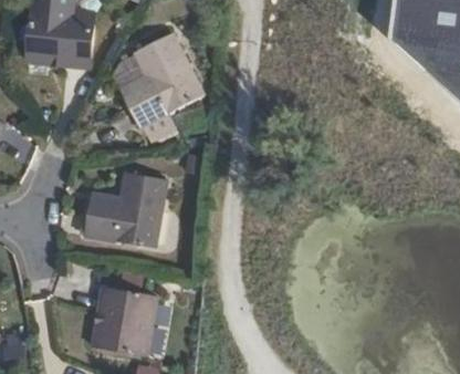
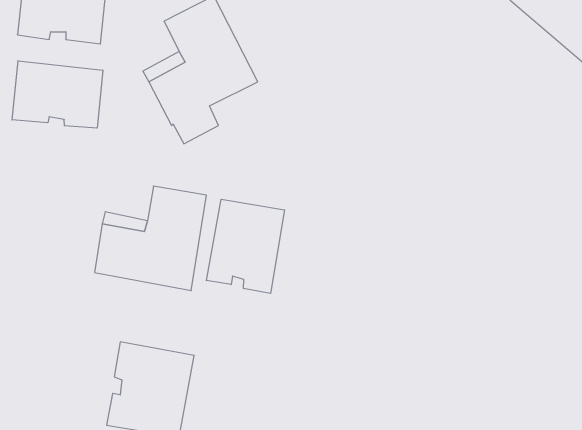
building: none -> [12,61,103,128]
building: none -> [206,199,285,293]

